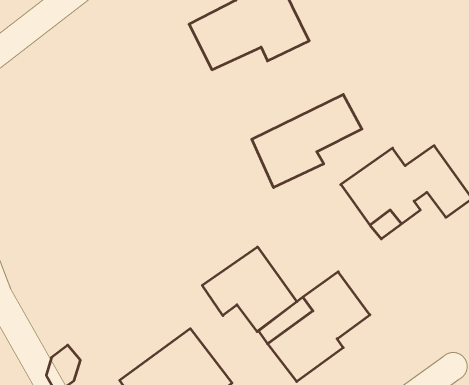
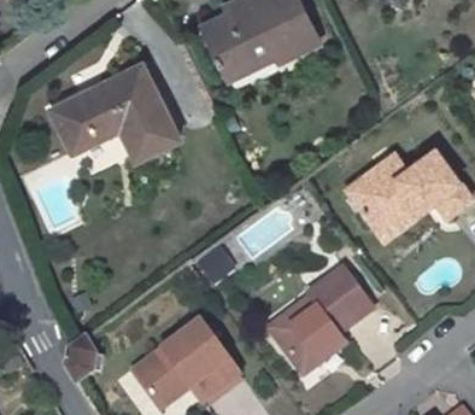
building: none -> [49,69,176,163]
building: [252,94,362,188] -> none
building: [202,247,297,332] -> none

